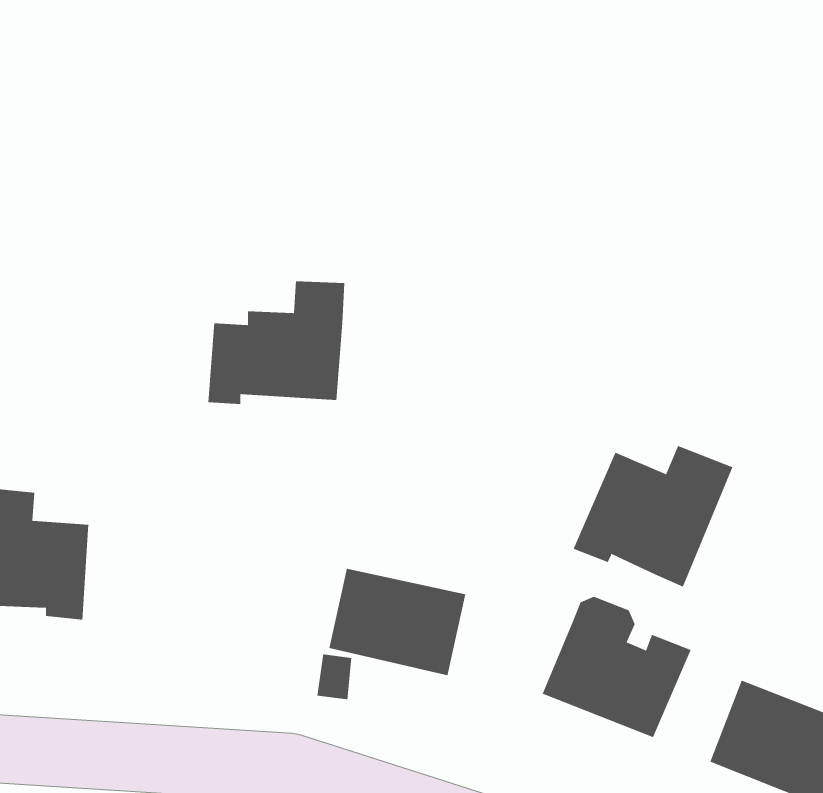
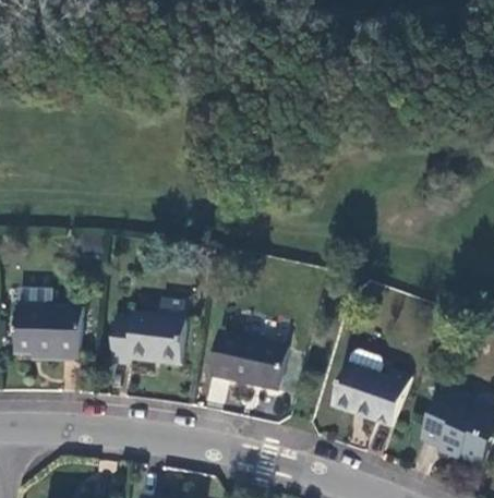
building: [207,281,345,405] -> [109,295,184,363]
building: [573,445,733,588] -> none

